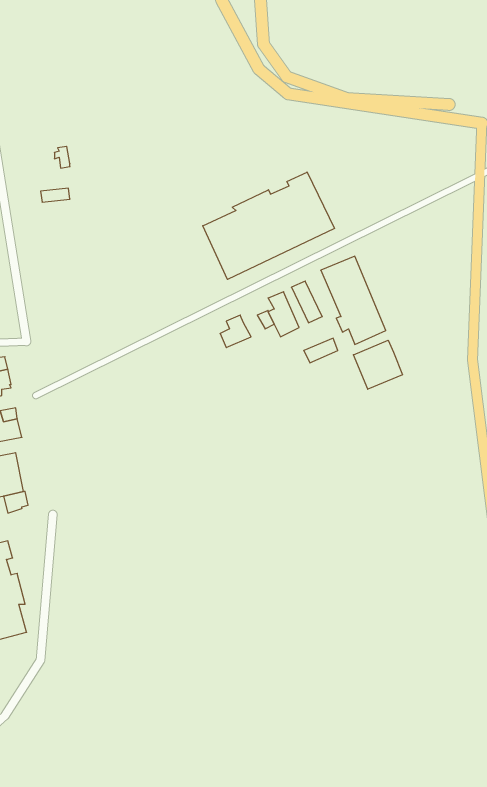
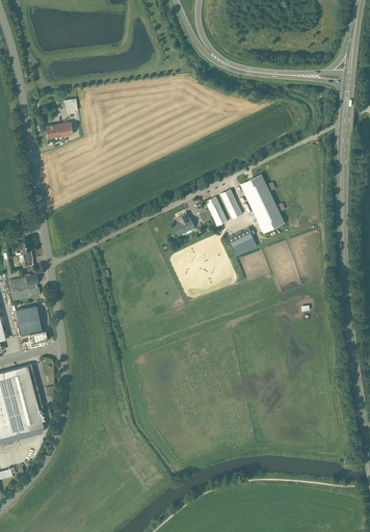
building: [203,172,334,279] -> none
building: [353,340,403,389] -> none

